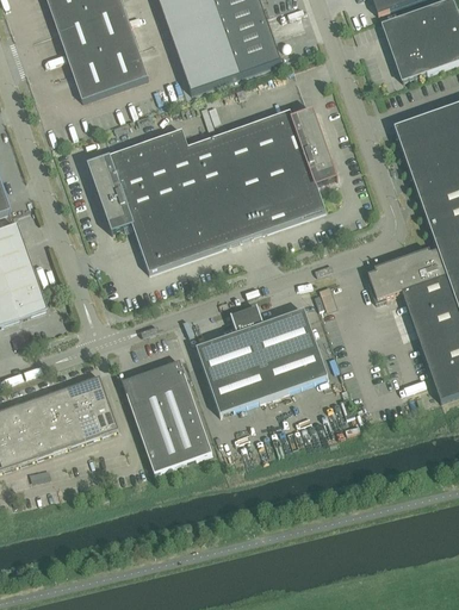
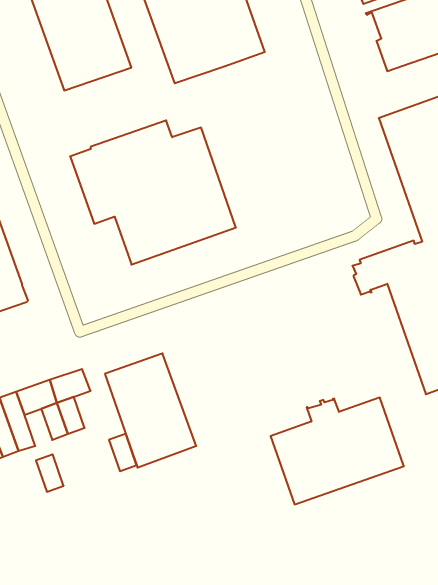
building: [217,108,337,234] -> none
building: [196,307,328,413] -> [271,398,404,504]
building: [91,396,118,432] -> [109,434,137,471]
building: [42,413,69,450] -> [36,454,64,492]

